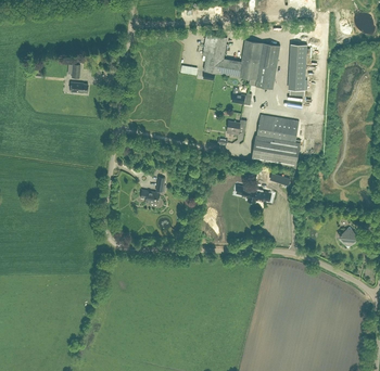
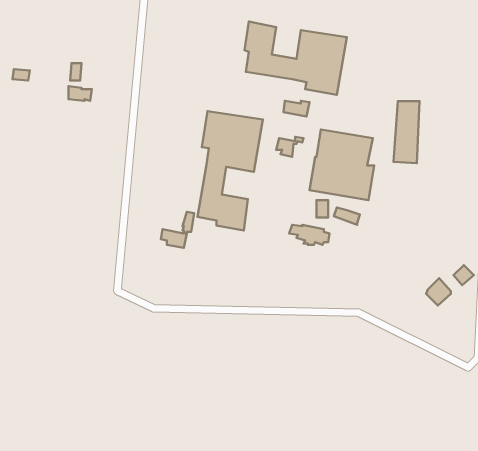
building: [288,43,307,90] -> [394,101,420,163]
building: none -> [197,111,263,231]

